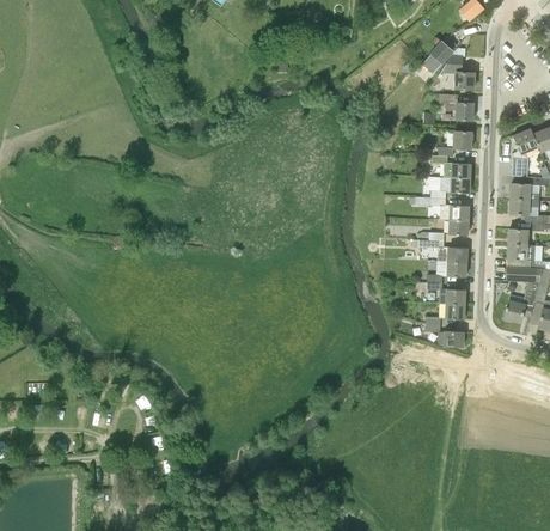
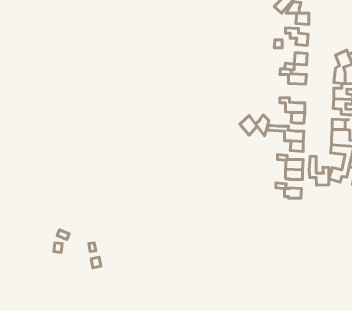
building: [430,176,469,197] -> none
building: none -> [240,115,269,136]
building: none -> [309,156,329,185]

